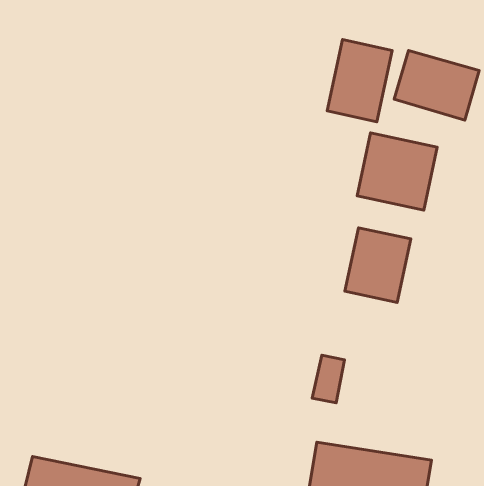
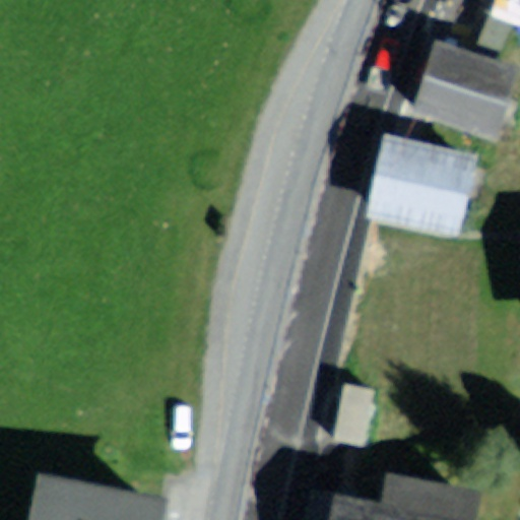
building: [327,40,392,122] -> none
building: [345,228,411,302] -> none

